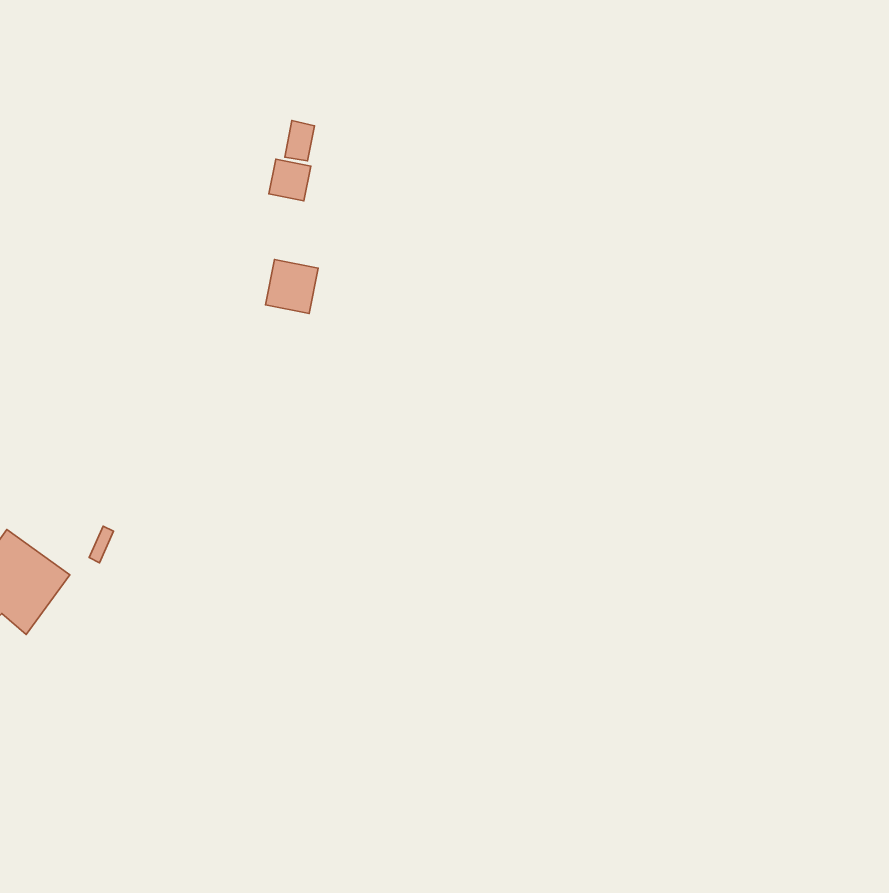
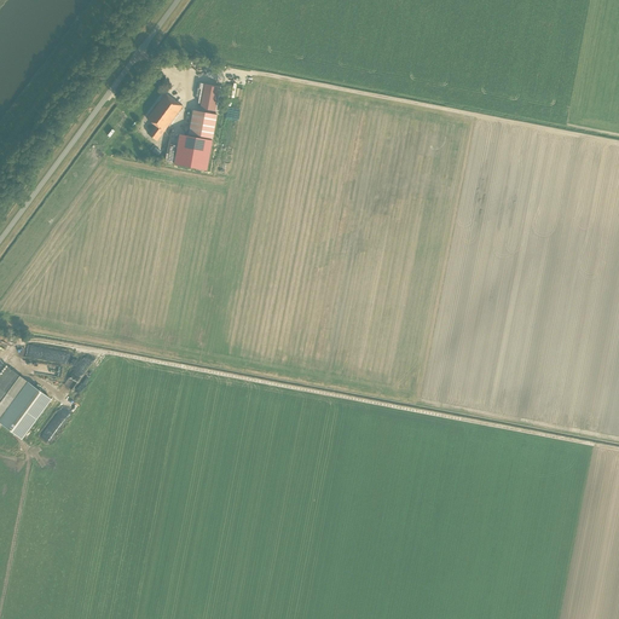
building: none -> [145,94,180,141]
building: [266,259,318,314] -> [180,135,216,173]

